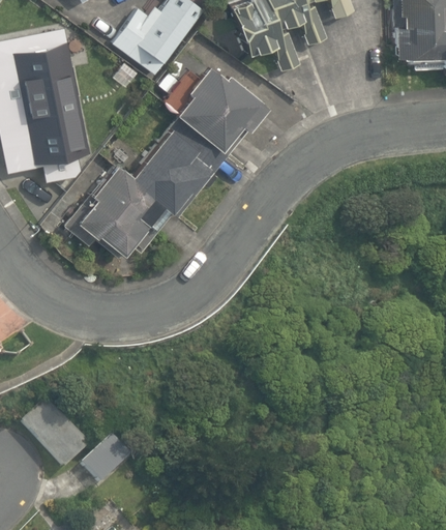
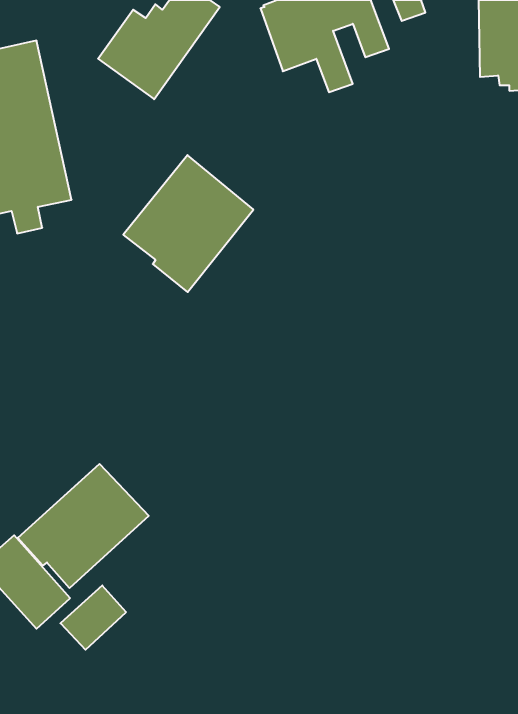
building: [161,64,266,155] -> none
building: [62,171,169,263] -> none
building: none -> [18,464,149,588]

